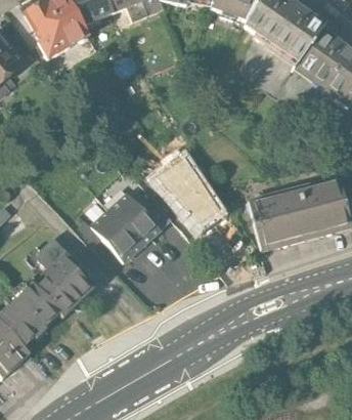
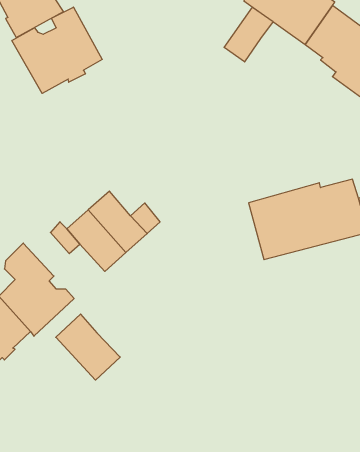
building: none -> [12,7,102,93]
building: none -> [224,7,273,62]
building: [153,157,221,227] -> none
building: none -> [56,314,120,380]

